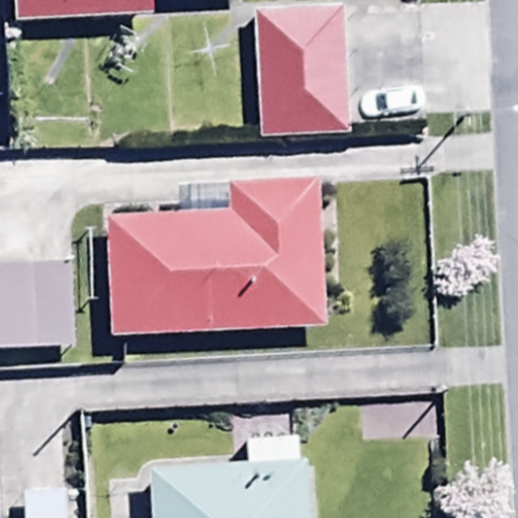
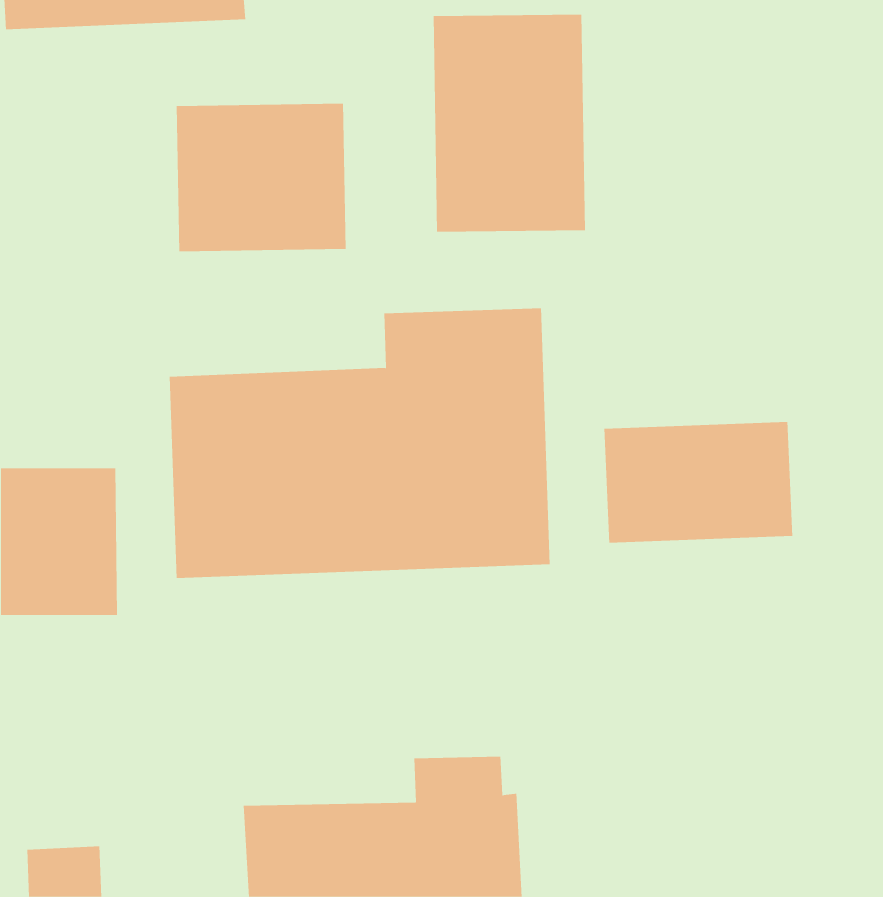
building: none -> [176,103,346,252]
building: none -> [604,421,793,543]

